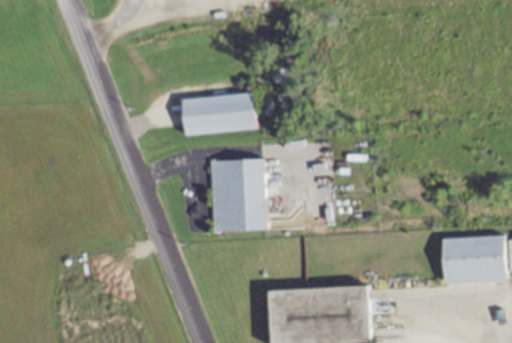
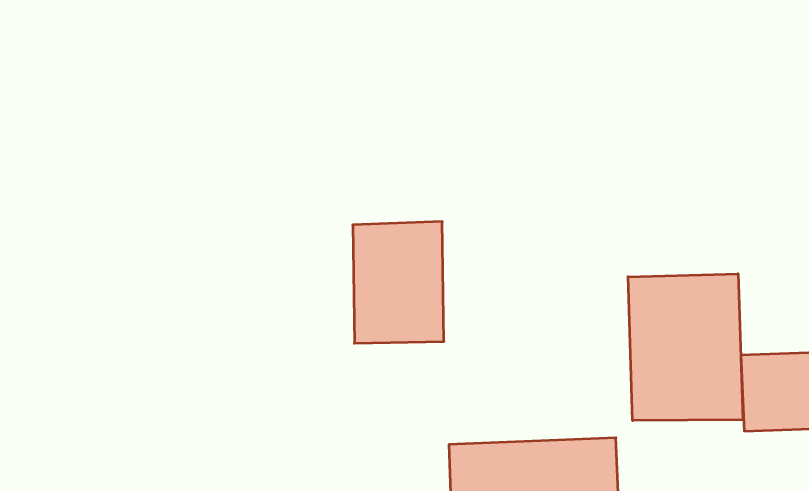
building: [181,92,256,134] -> none
building: none -> [628,274,743,421]

